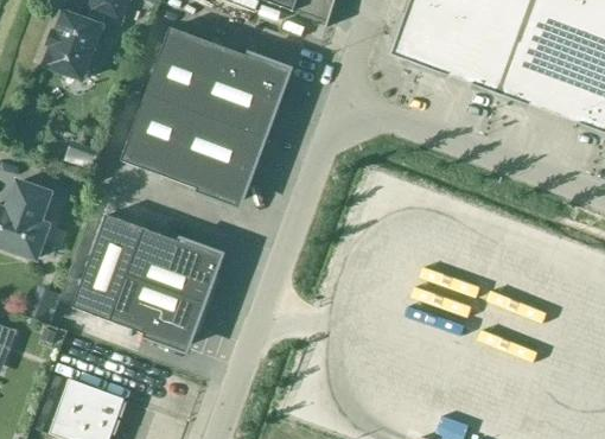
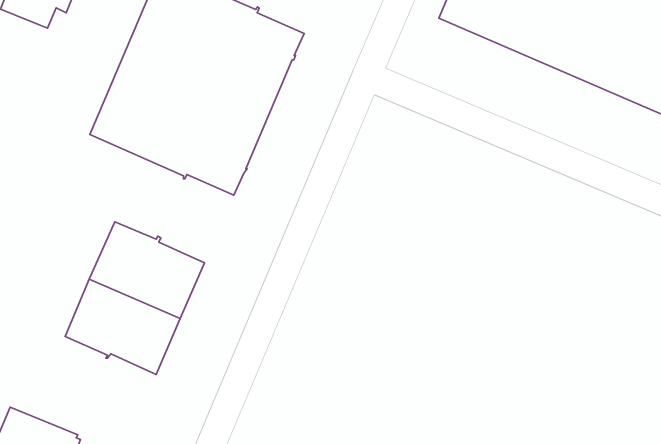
building: [74,214,146,320] -> none

